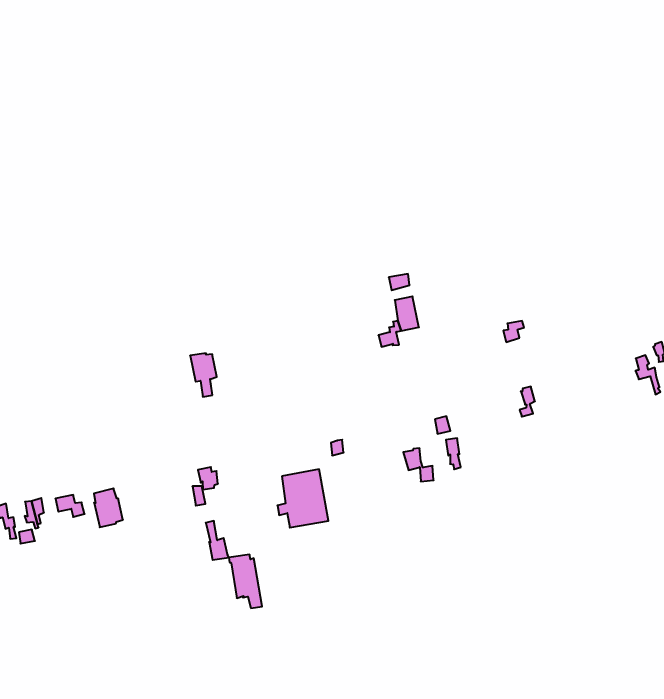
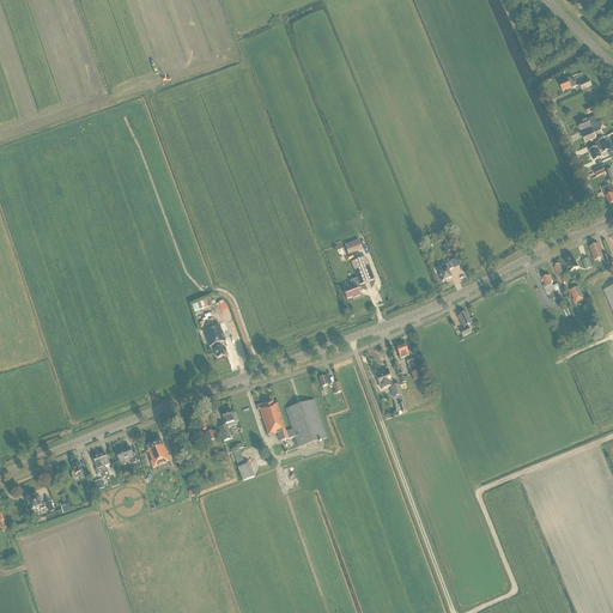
building: [229,555,262,608] -> [256,399,287,439]

